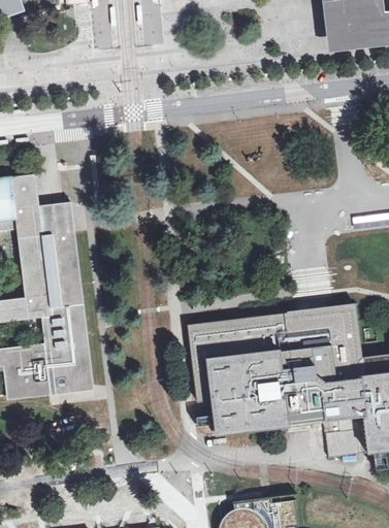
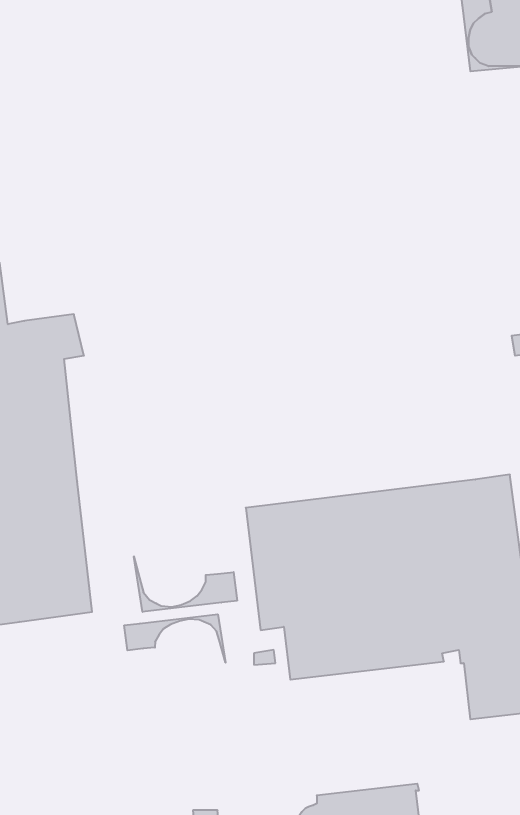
building: none -> [134,556,237,612]
building: none -> [124,614,226,663]

